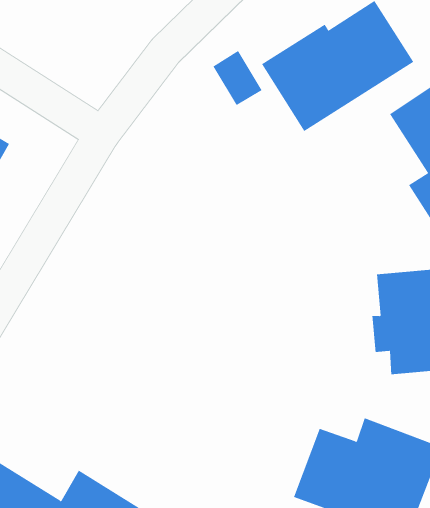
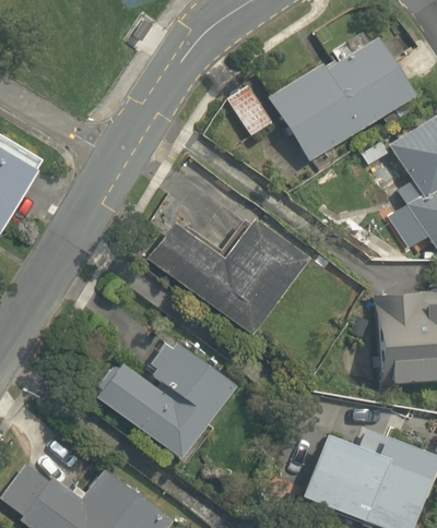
building: none -> [142,219,308,337]
building: none -> [96,340,233,456]

